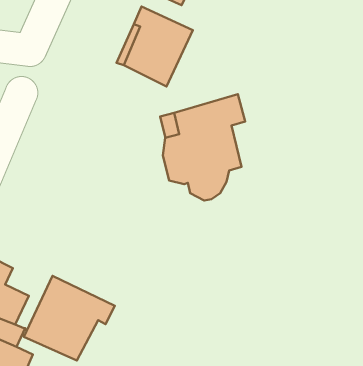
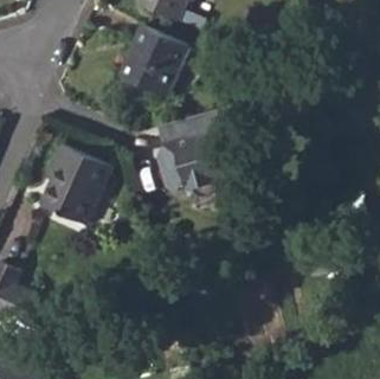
building: none -> [40,143,111,224]
building: [24,276,115,361] -> none

